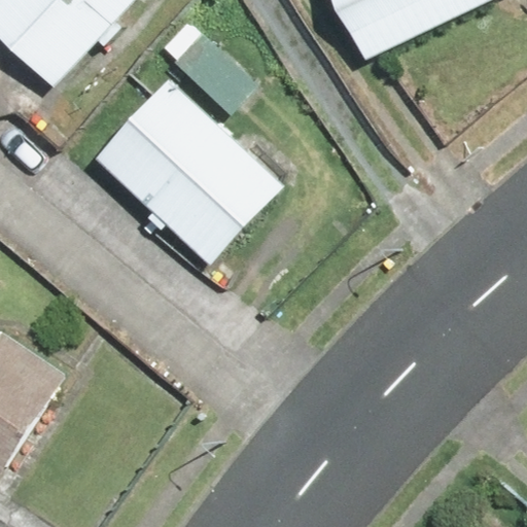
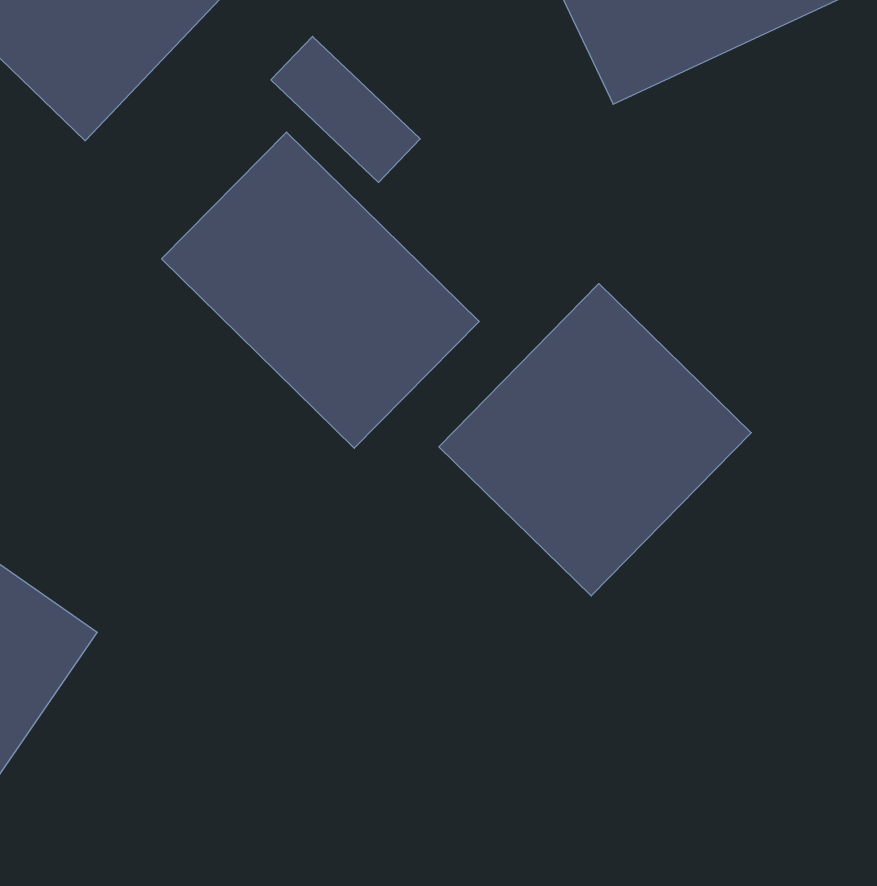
building: none -> [439,284,751,596]

